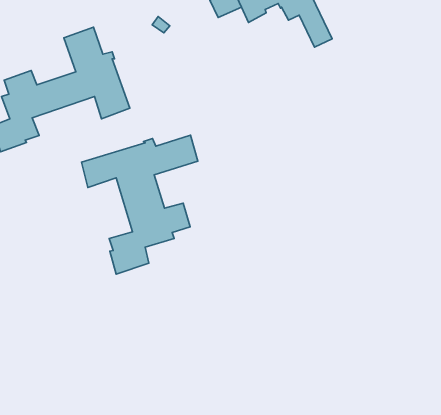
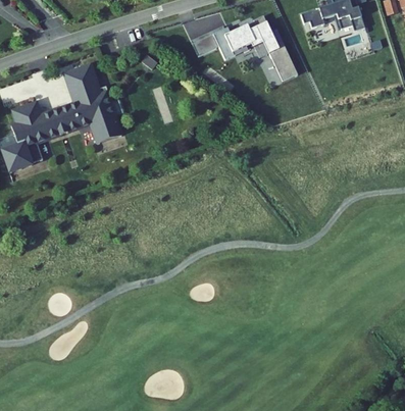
building: [81,135,198,274] -> none

